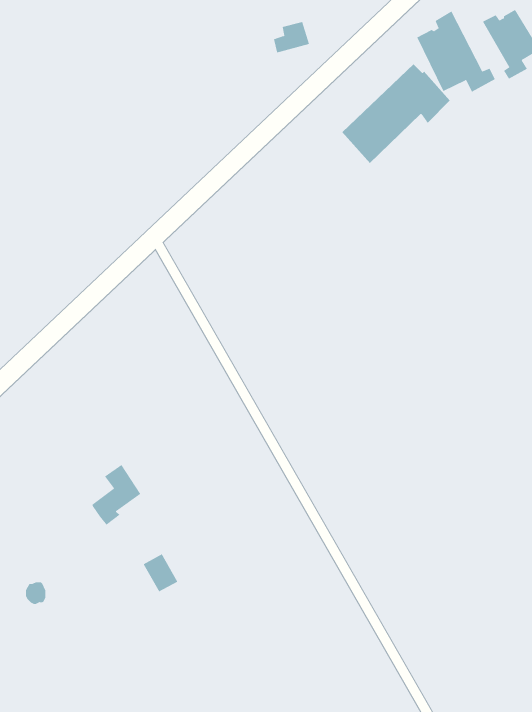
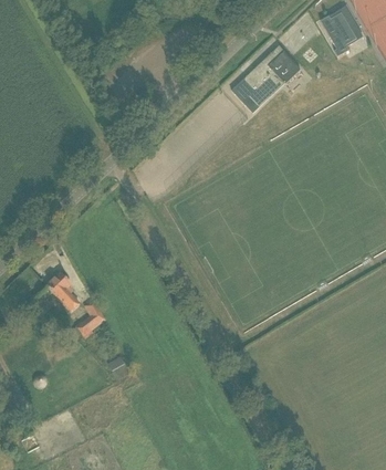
building: [416,10,496,93] -> none
building: none -> [46,272,81,311]

